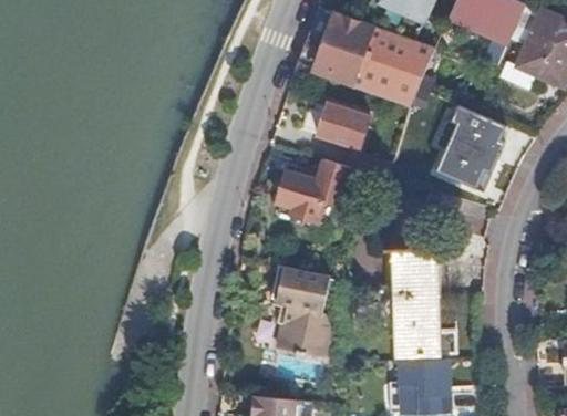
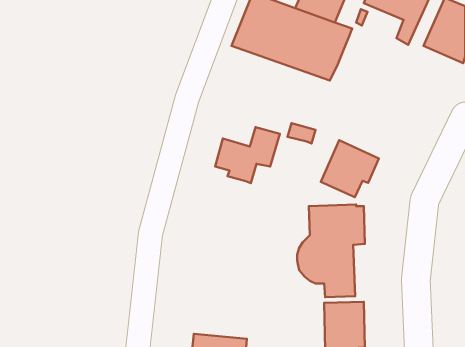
building: [302,102,369,146] -> none
building: [436,123,503,188] -> [321,140,379,197]
building: [272,267,330,358] -> none

